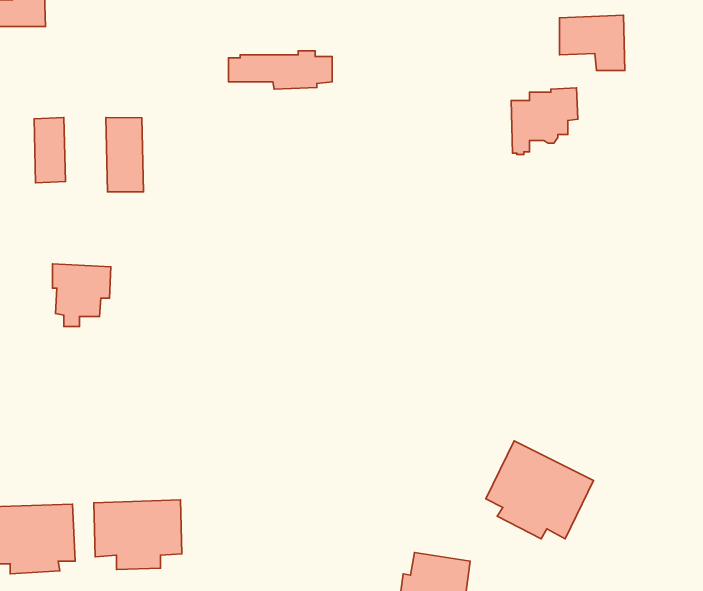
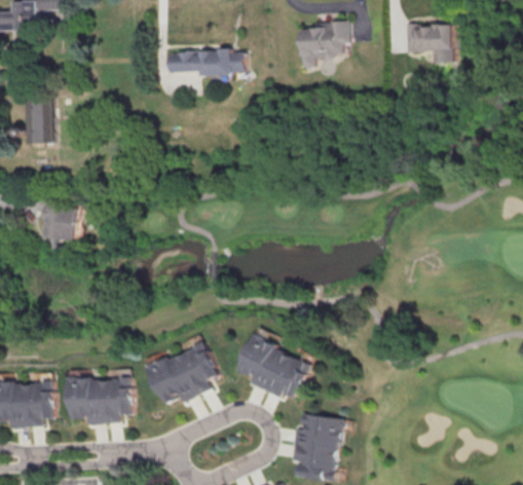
building: [511,88,578,155] -> [300,21,348,69]
building: [106,118,144,192] -> none
building: [486,441,594,539] -> [239,327,317,398]
building: none -> [147,339,220,404]

